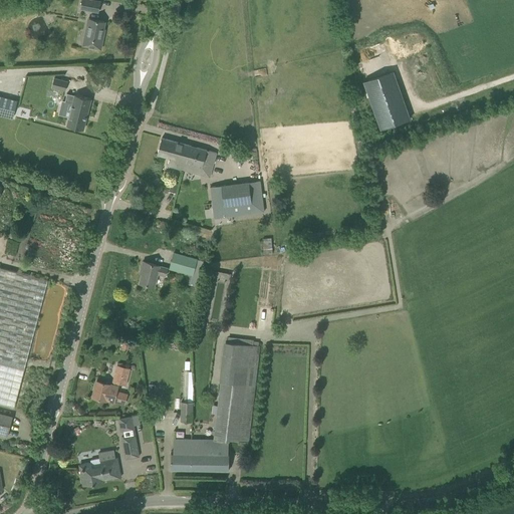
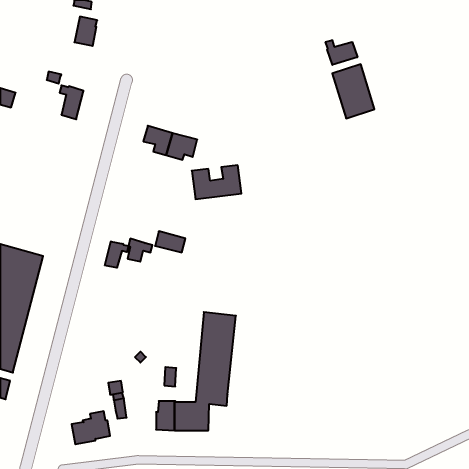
building: none -> [326,40,357,65]
building: none -> [105,241,128,268]
building: [92,366,128,404] -> none

